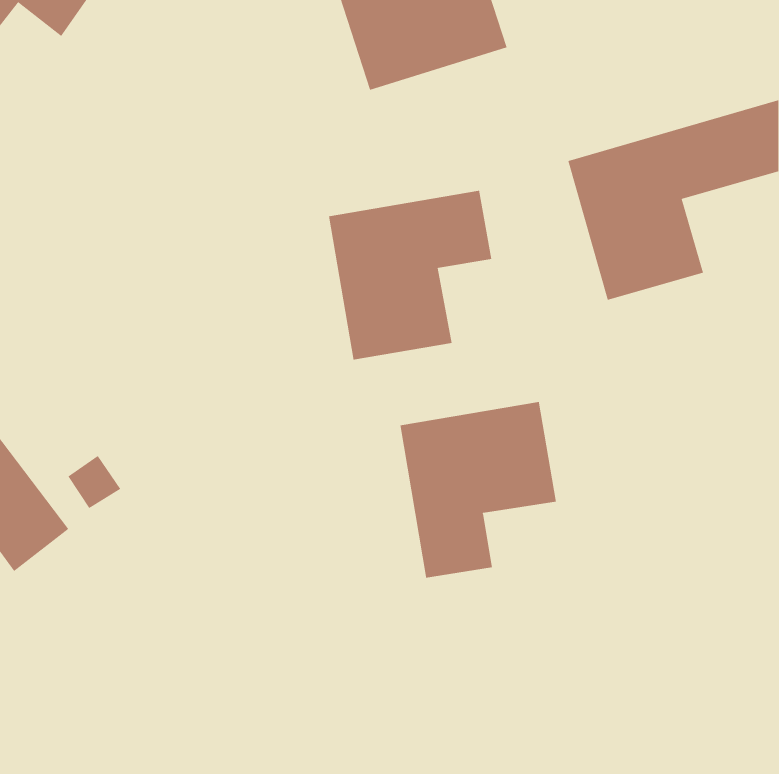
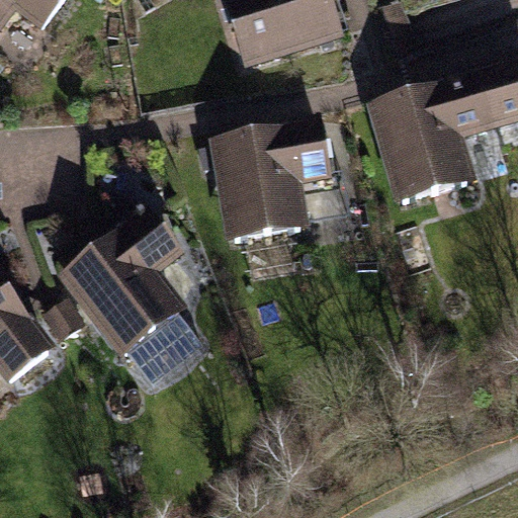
building: none -> [66,210,200,382]
building: [400,401,556,579] -> none

